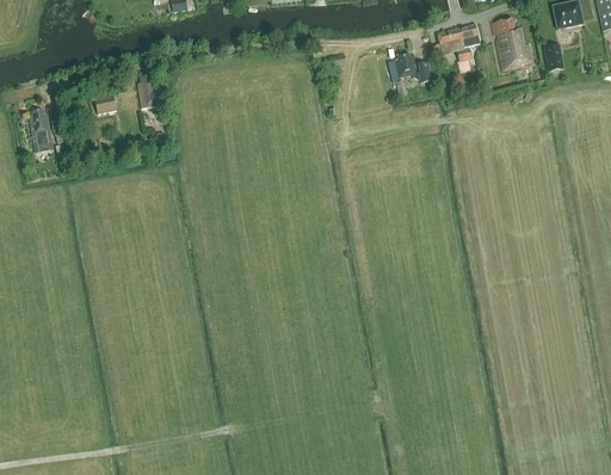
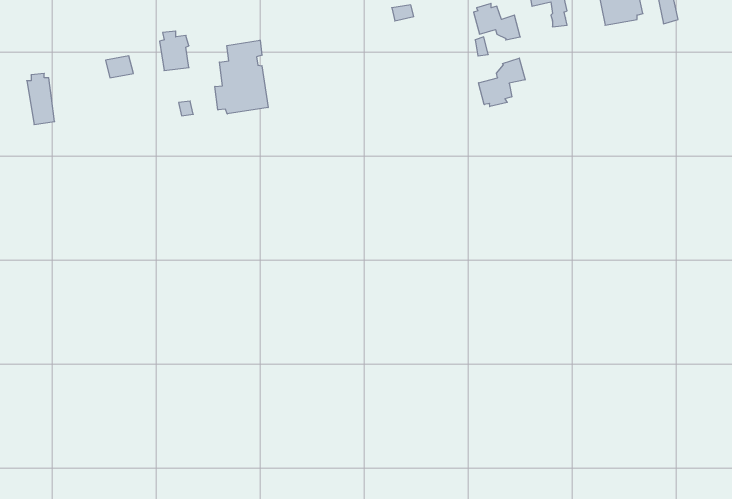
building: none -> [215,40,268,114]
building: none -> [479,58,525,107]

